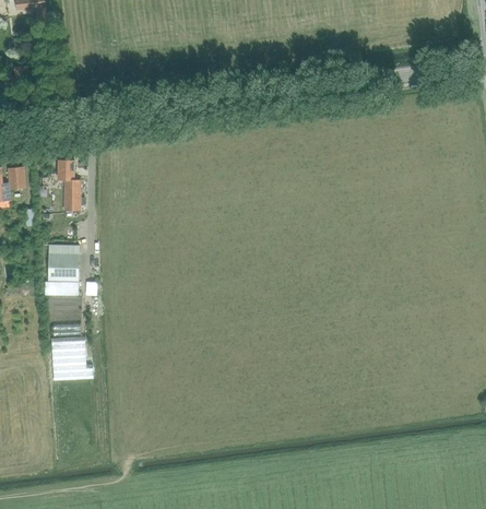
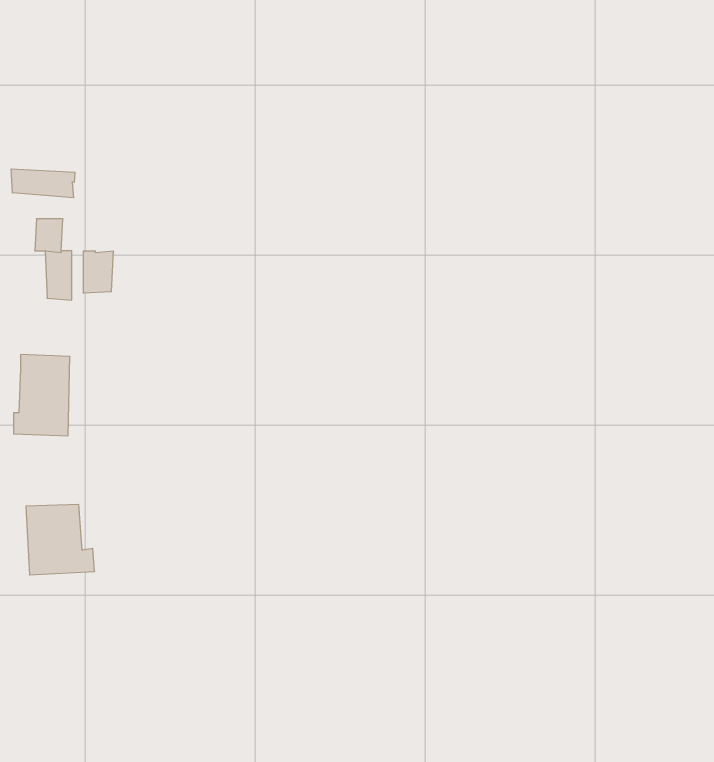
building: none -> [11,169,75,198]
building: none -> [83,251,113,293]

